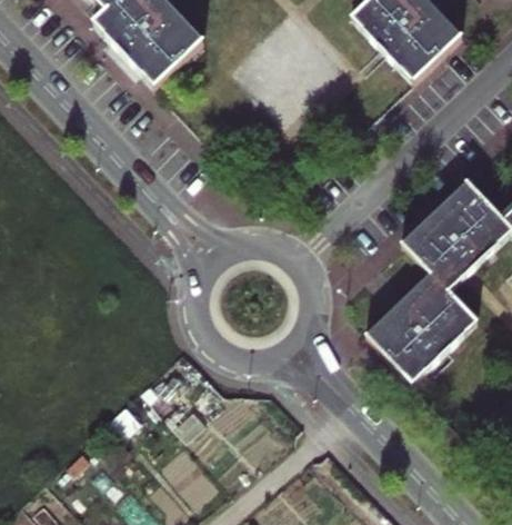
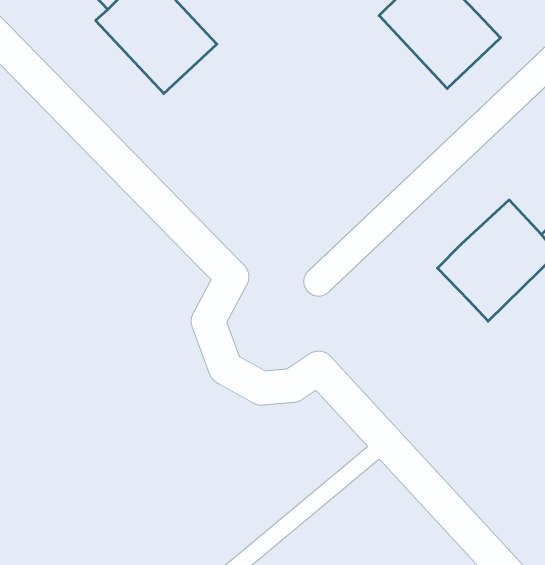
building: [365,270,476,380] -> none

